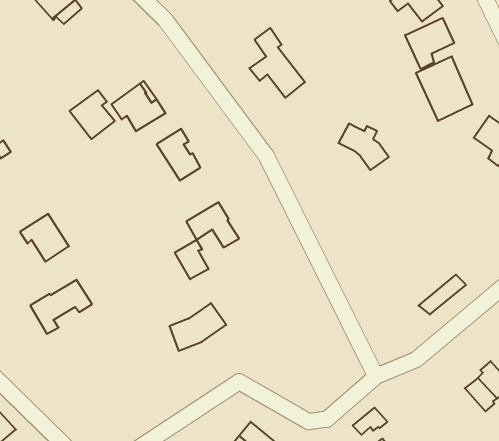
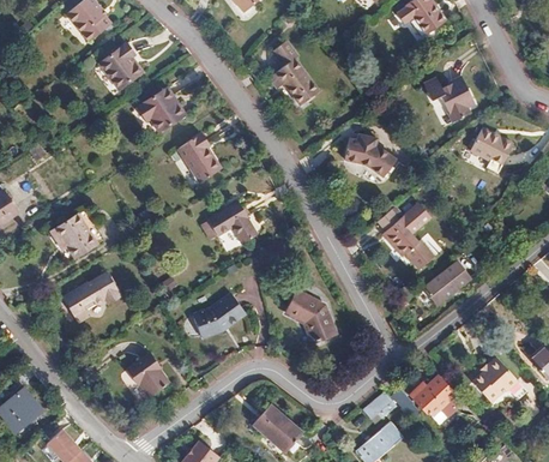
building: [405,18,454,69] -> none
building: [70,90,115,139] -> [99,43,141,89]
building: none -> [376,202,433,269]
building: [175,240,209,279] -> none
building: none -> [285,294,336,346]
building: none -> [126,355,168,398]
building: none -> [415,376,454,415]

